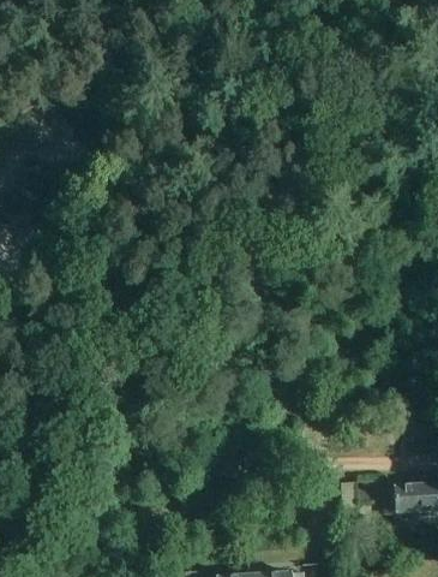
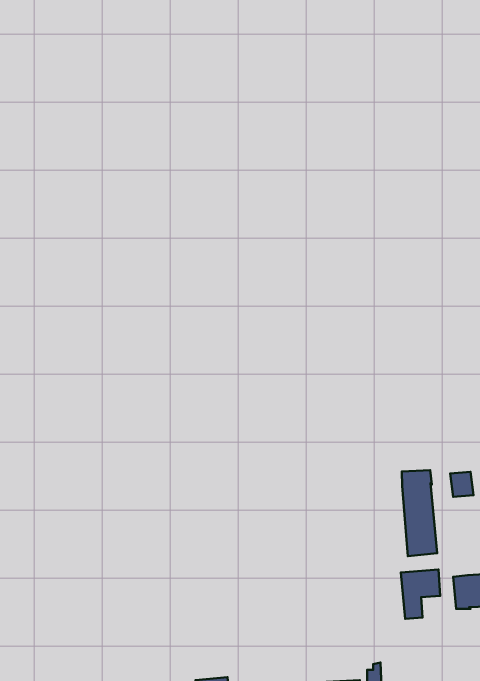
building: none -> [402,470,437,556]

